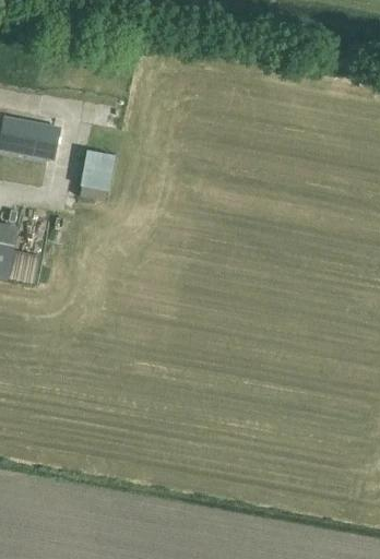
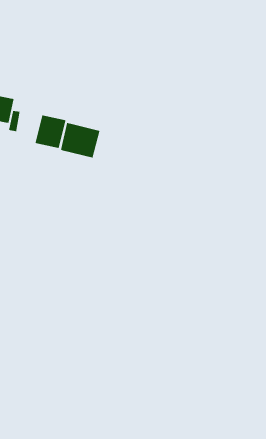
building: none -> [60,122,101,159]

